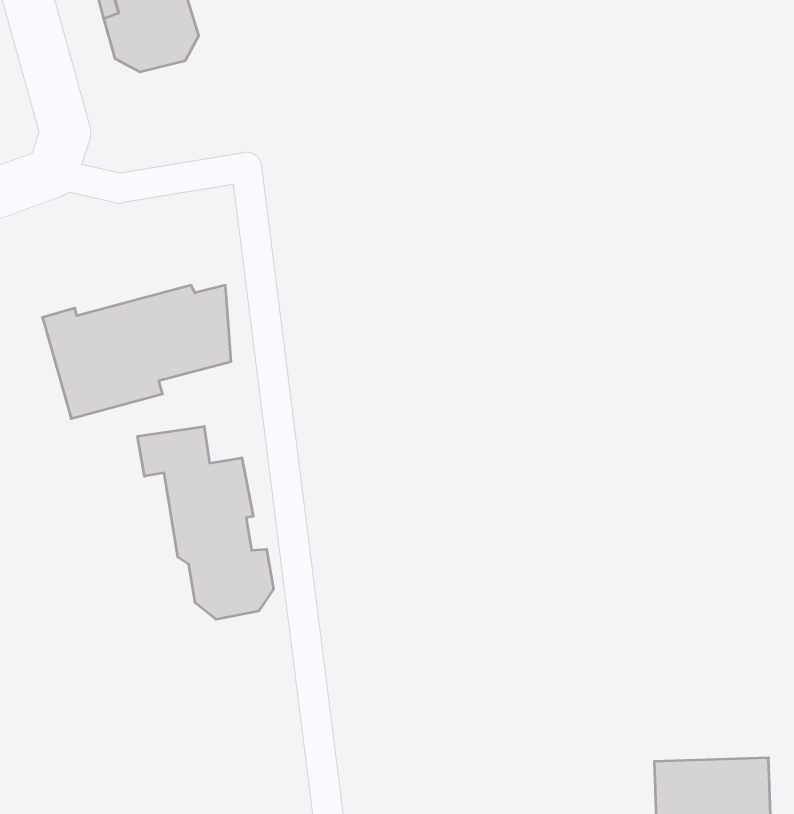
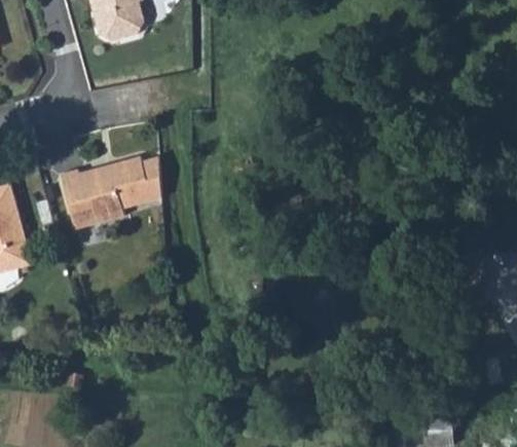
building: [138,426,273,619] -> none

